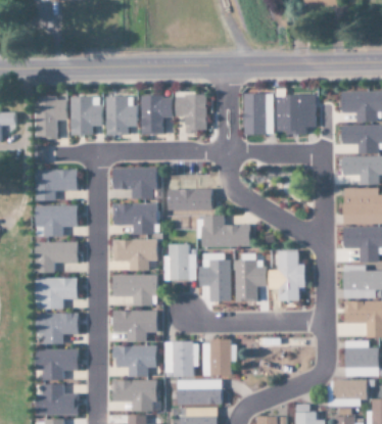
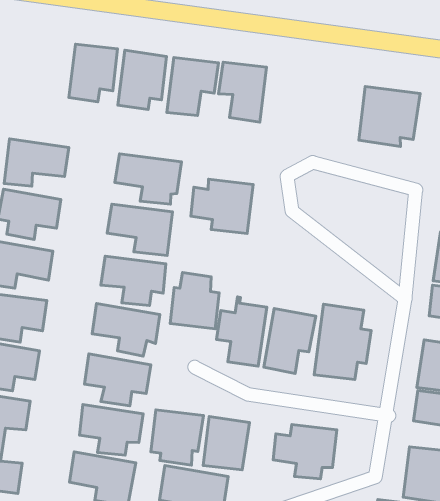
building: [243,93,274,135] -> none
building: [35,97,66,139] -> none
building: [201,218,250,247] -> none

